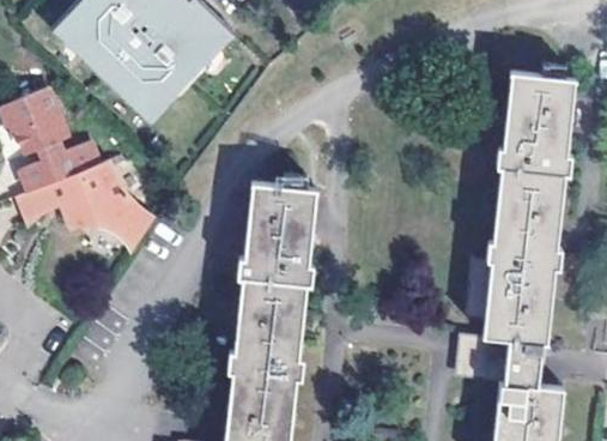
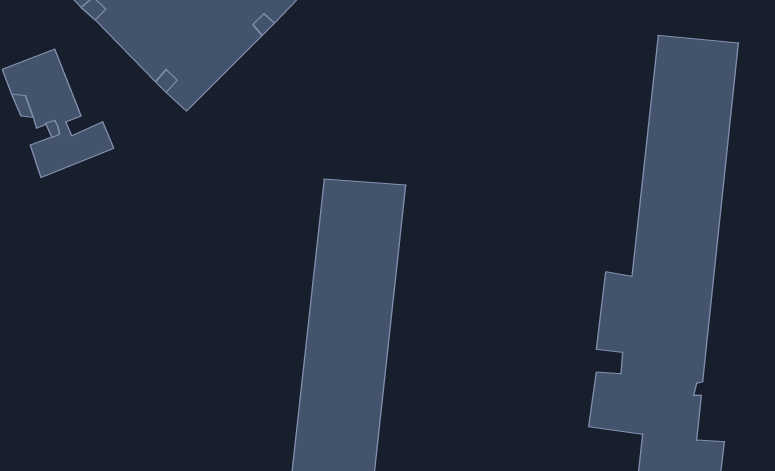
building: [23,153,150,244] -> none

